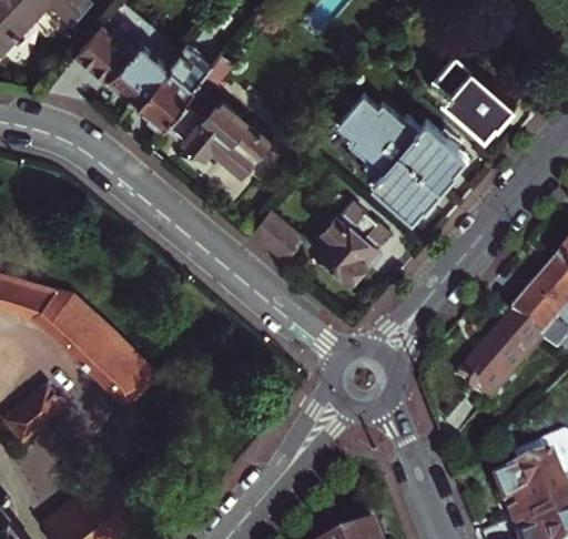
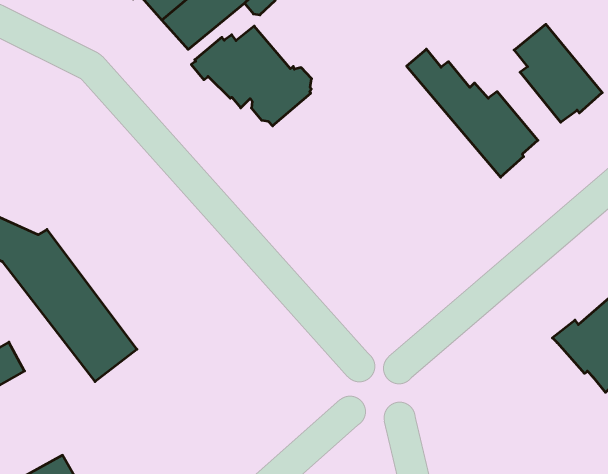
building: [333,109,439,220] -> none
building: [313,206,388,282] -> none
building: [244,213,297,264] -> none
building: [456,321,541,408] -> none

